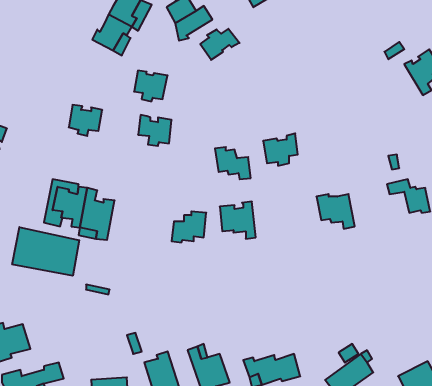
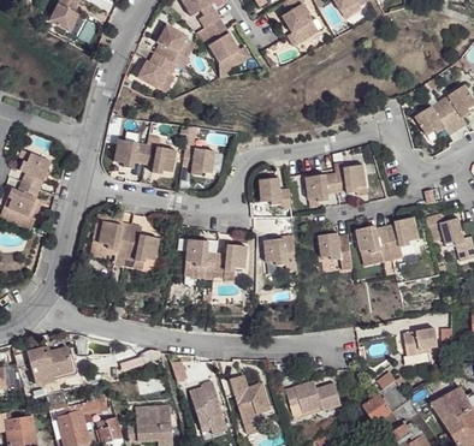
building: [200,29,240,60] -> none
building: none -> [413,100,457,137]
building: [134,71,168,101] -> [142,144,174,174]
building: none -> [333,160,367,189]
building: none -> [385,216,416,257]
building: none -> [314,233,351,269]
building: none -> [182,239,215,278]
building: [12,227,79,276] -> none
building: none -> [403,327,438,356]

